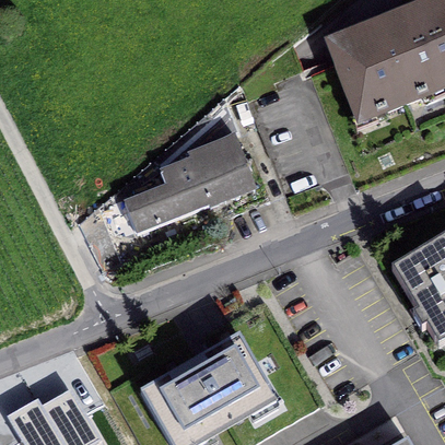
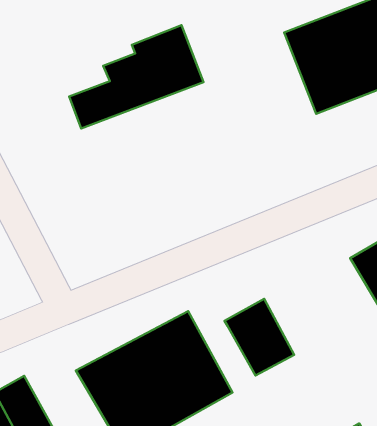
building: [124,130,257,233] -> [69,25,204,129]
building: none -> [224,299,294,376]

